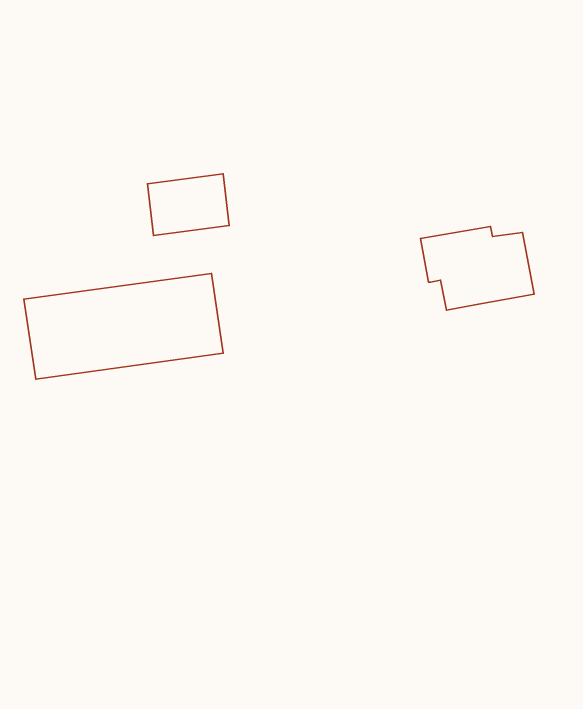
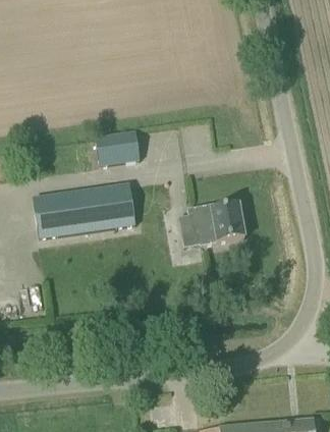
building: [421,226,534,310] -> [187,202,245,245]

